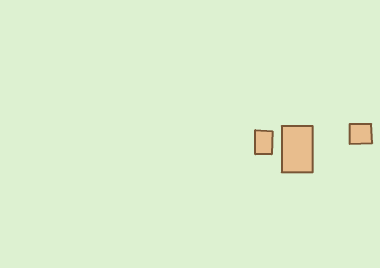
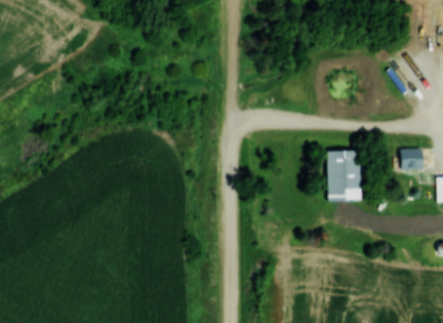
building: [255,130,272,154] -> none

